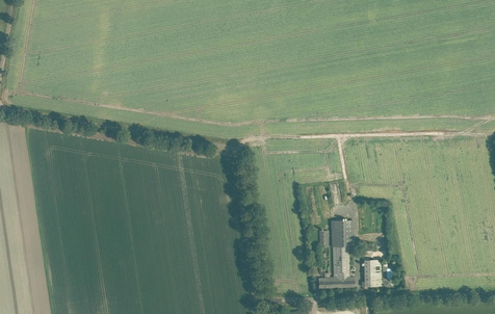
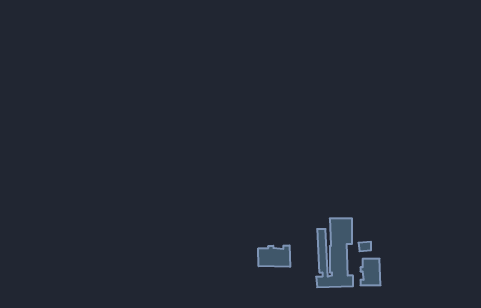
building: none -> [258,245,290,267]

